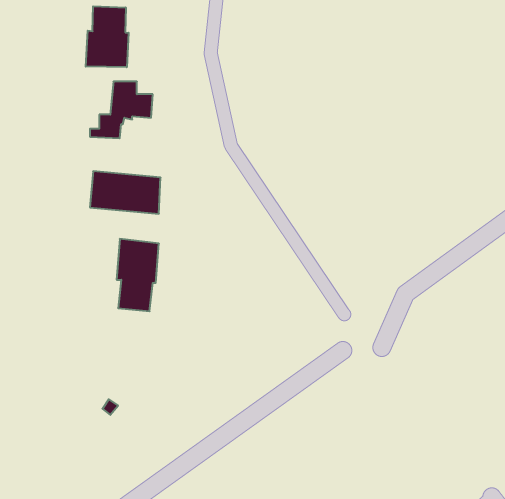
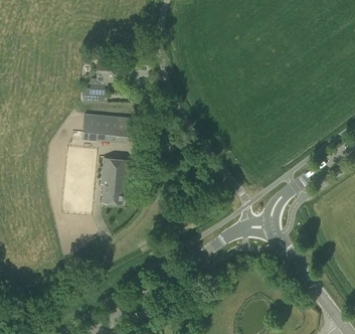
building: [86,6,129,67] -> none

